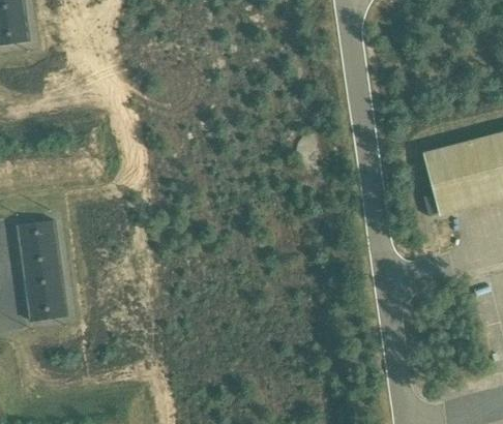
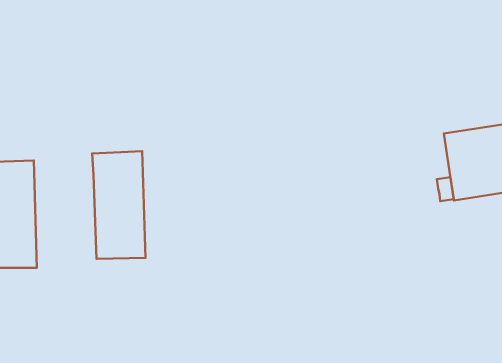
building: none -> [92,151,145,259]

